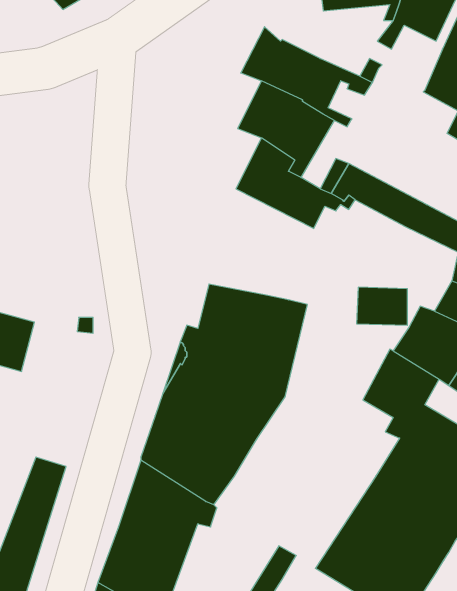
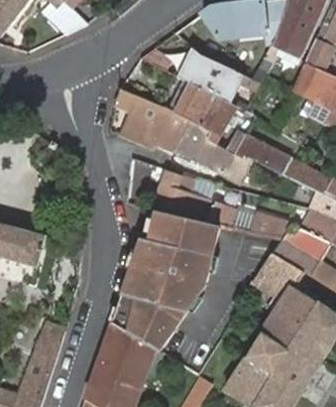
building: none -> [114,88,190,150]
building: none -> [151,169,234,227]

